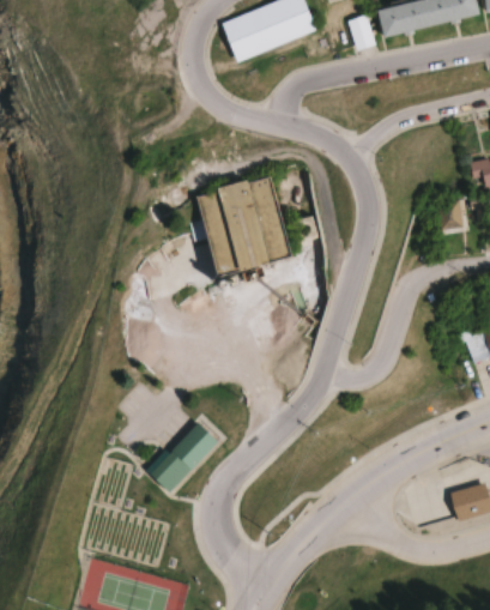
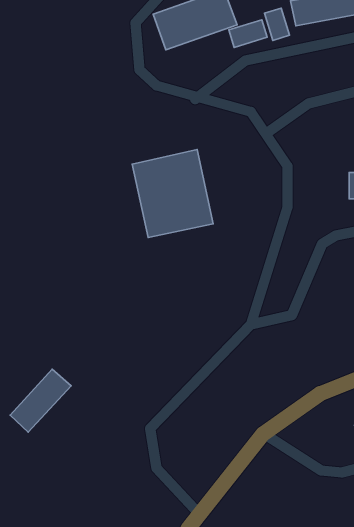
building: none -> [229,20,267,47]
building: [149,423,218,495] -> [10,369,71,432]

